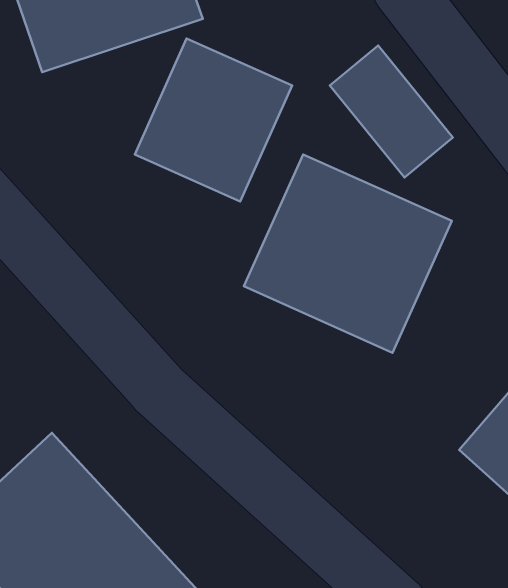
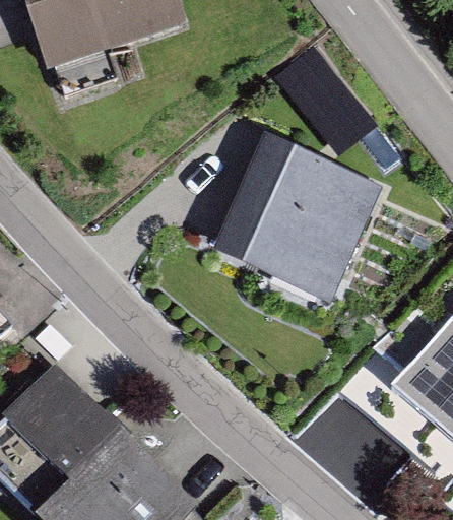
building: [135,39,292,201] -> none

